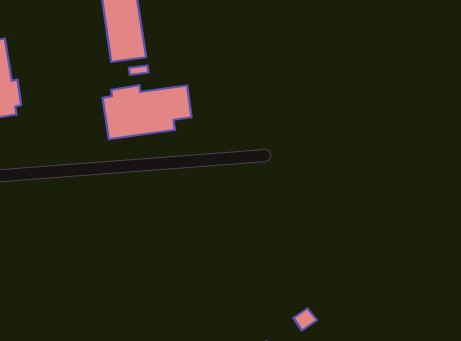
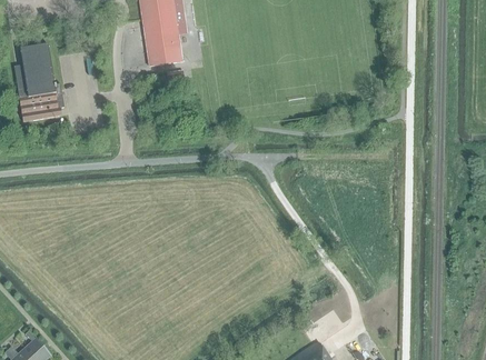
building: [103,85,192,139] -> none

